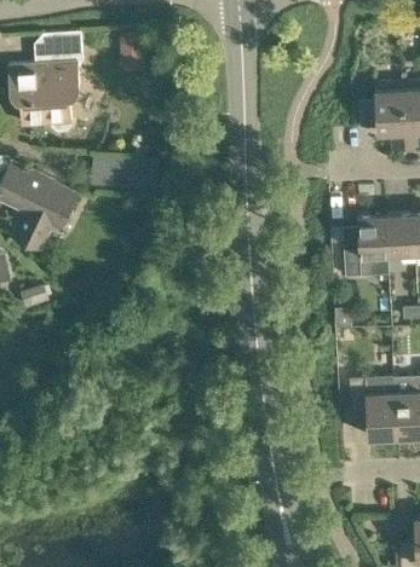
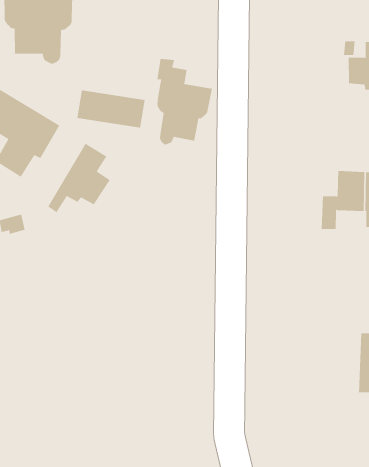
building: none -> [157,58,212,145]
building: none -> [47,143,111,213]
building: [350,377,396,439] -> none

